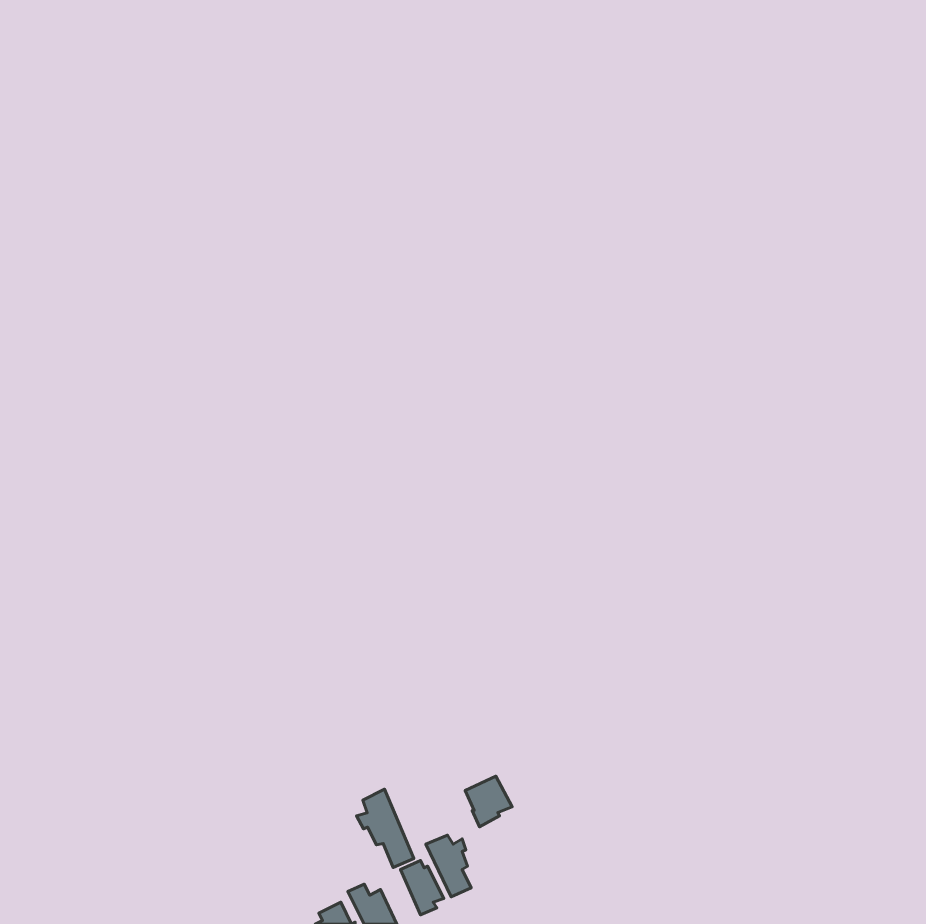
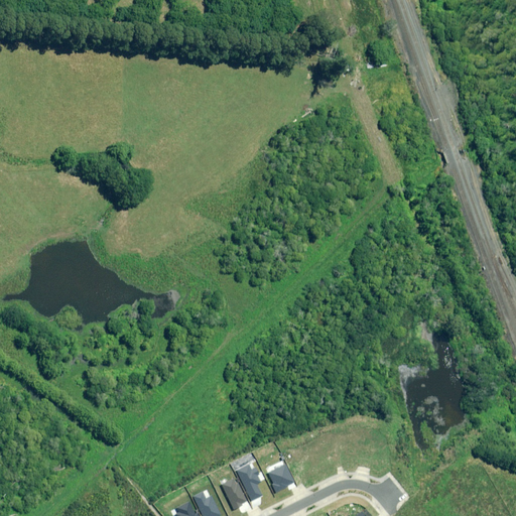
building: [465,776,512,827] -> [268,464,294,492]
building: [357,789,414,868] -> none

